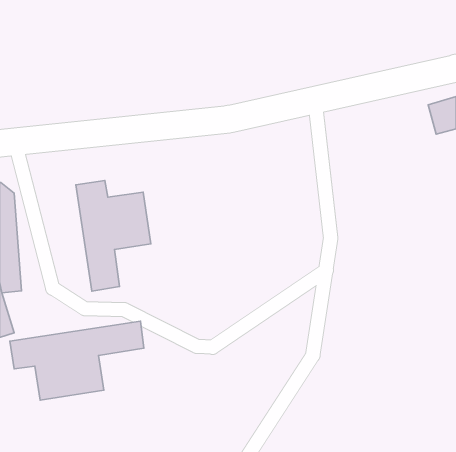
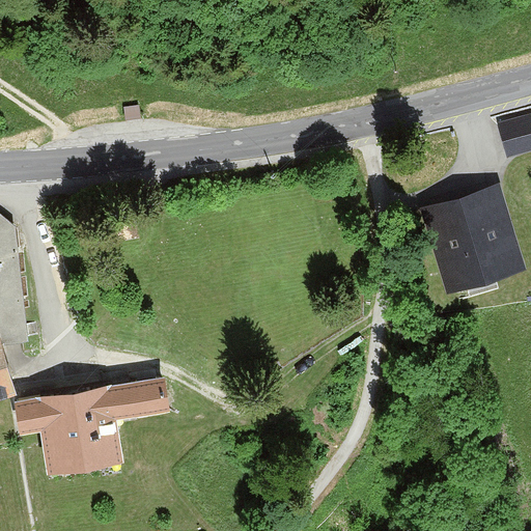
building: none -> [419,187,525,296]
building: [76,181,151,291] -> none

